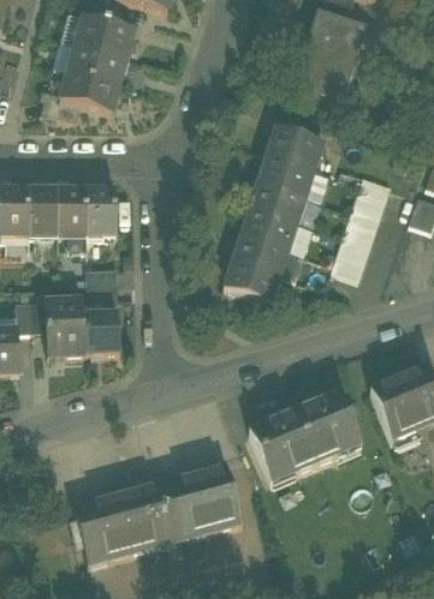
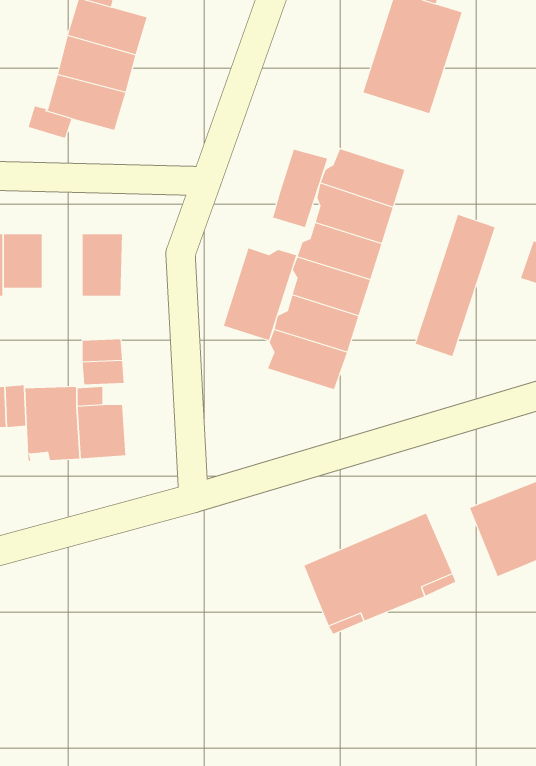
building: none -> [272,149,328,228]
building: [58,188,87,228] -> none
building: none -> [223,248,297,341]
building: [71,460,242,564] -> none

